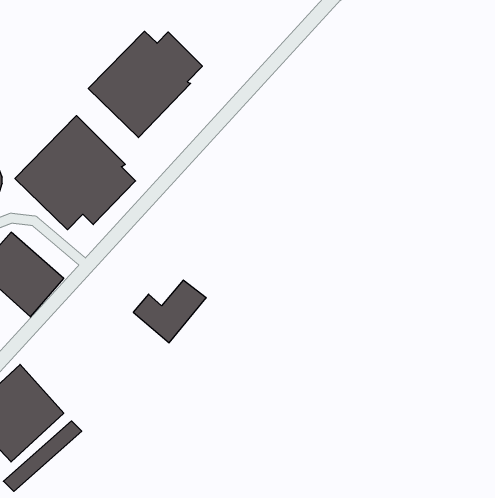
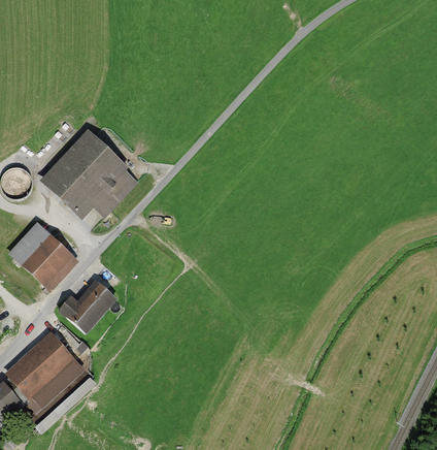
building: [88,31,202,138] -> none
building: [133,280,206,343] -> [55,284,113,334]

